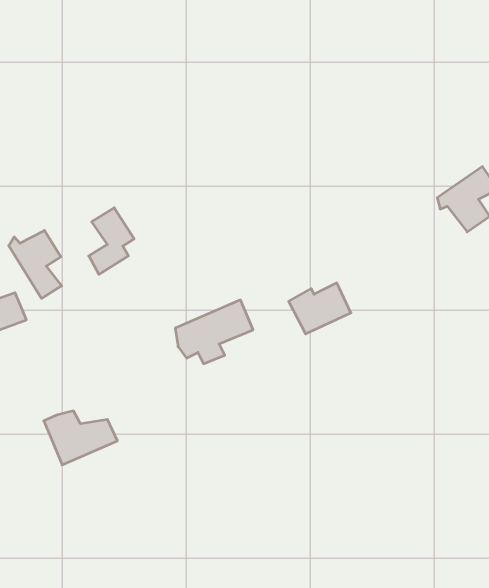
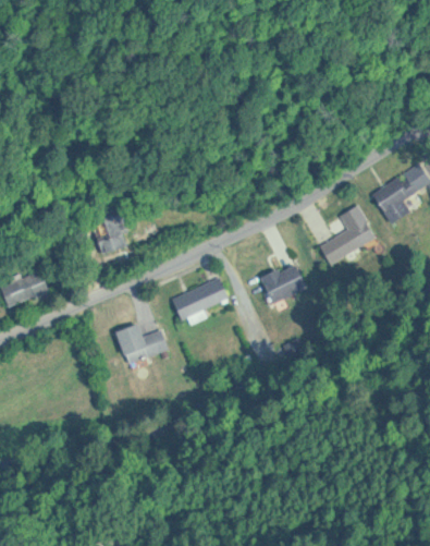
building: none -> [317,206,376,267]
building: [9,230,62,298] -> none
building: [44,411,117,465] -> [112,325,169,366]

